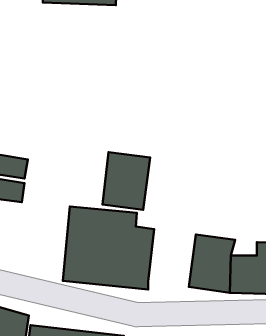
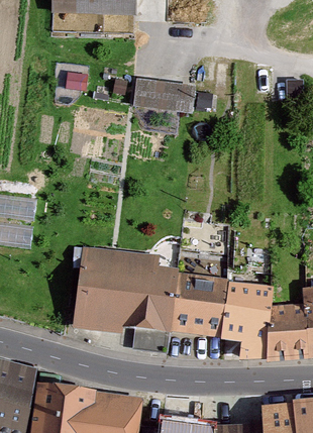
building: none -> [131,74,194,109]
building: [102,152,150,210] -> [175,276,230,342]

